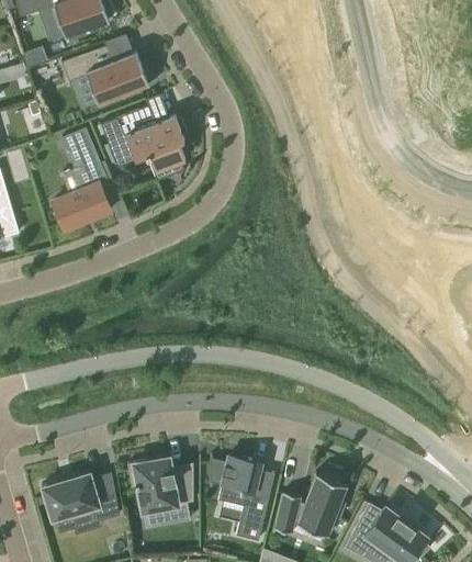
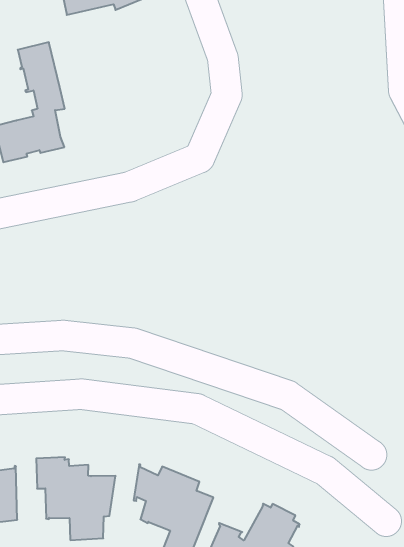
building: [100,105,187,178] -> none

